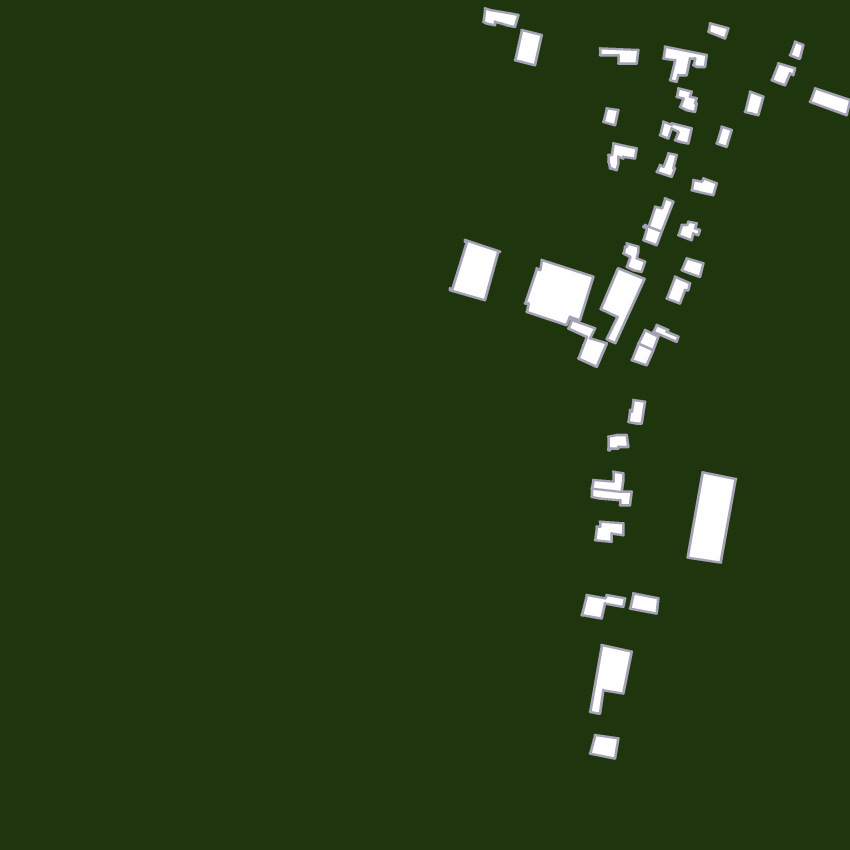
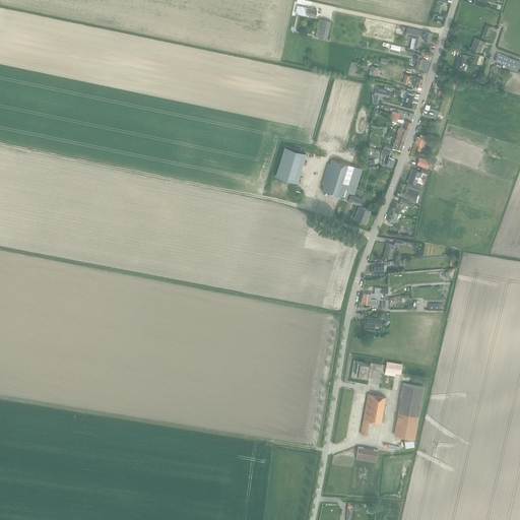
building: [601,268,644,343] -> none
building: [688,472,736,562] -> [393,384,422,439]

